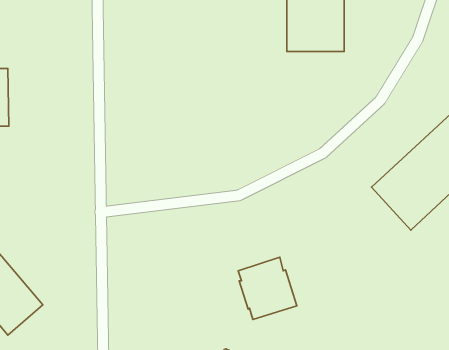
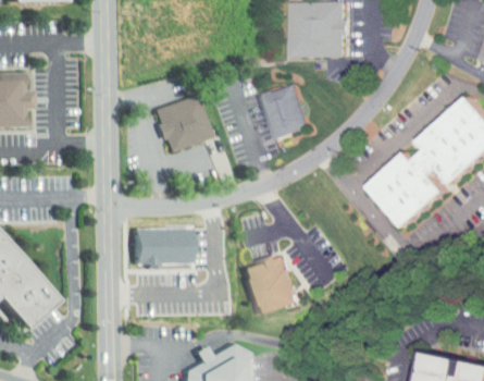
building: none -> [259,85,308,140]
building: none -> [153,94,209,149]
building: none -> [135,226,193,265]

